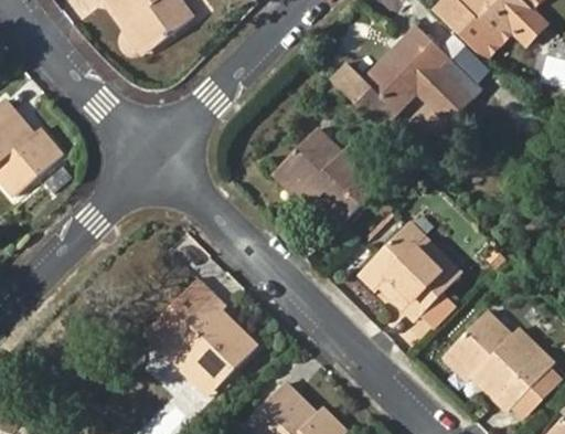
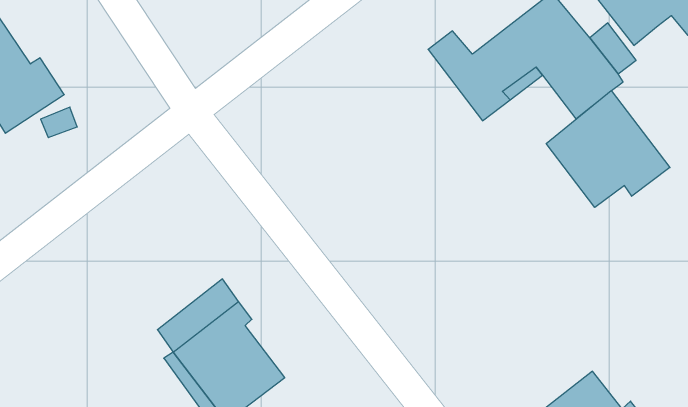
building: none -> [546,91,670,207]
building: [280,129,383,225] -> none
building: [366,222,462,318] -> none

